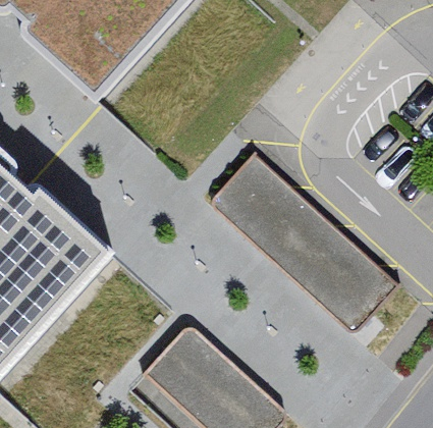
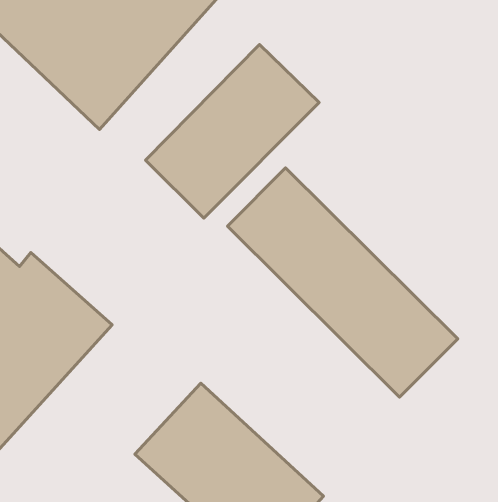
building: none -> [145,44,319,218]

